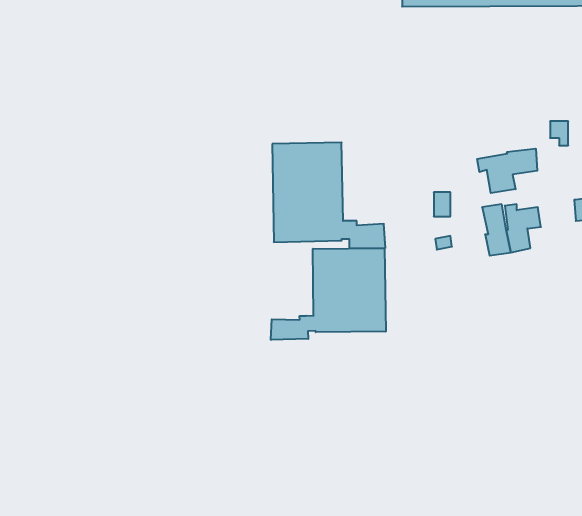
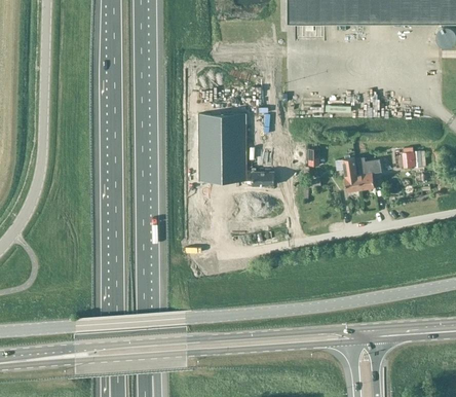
building: [477,149,537,193] -> none
building: [271,248,386,340] -> none

